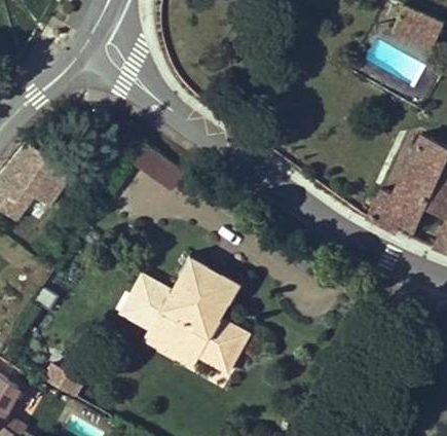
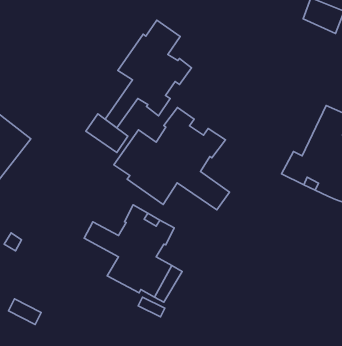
building: none -> [105,20,191,128]
building: none -> [114,107,229,210]
building: [120,295,197,368] -> none

